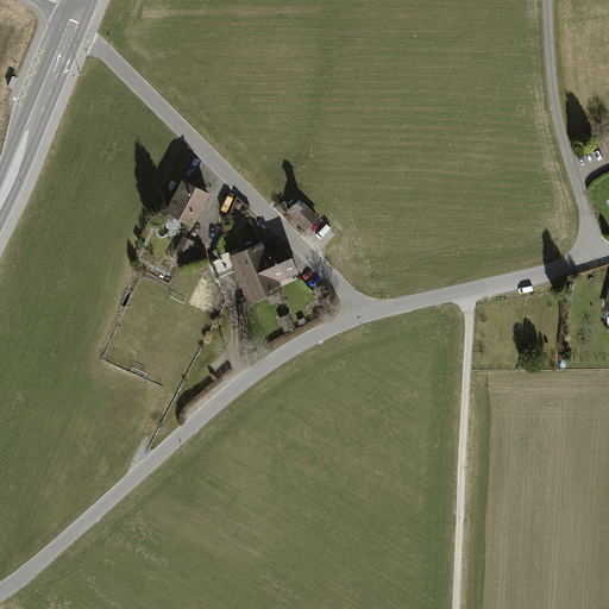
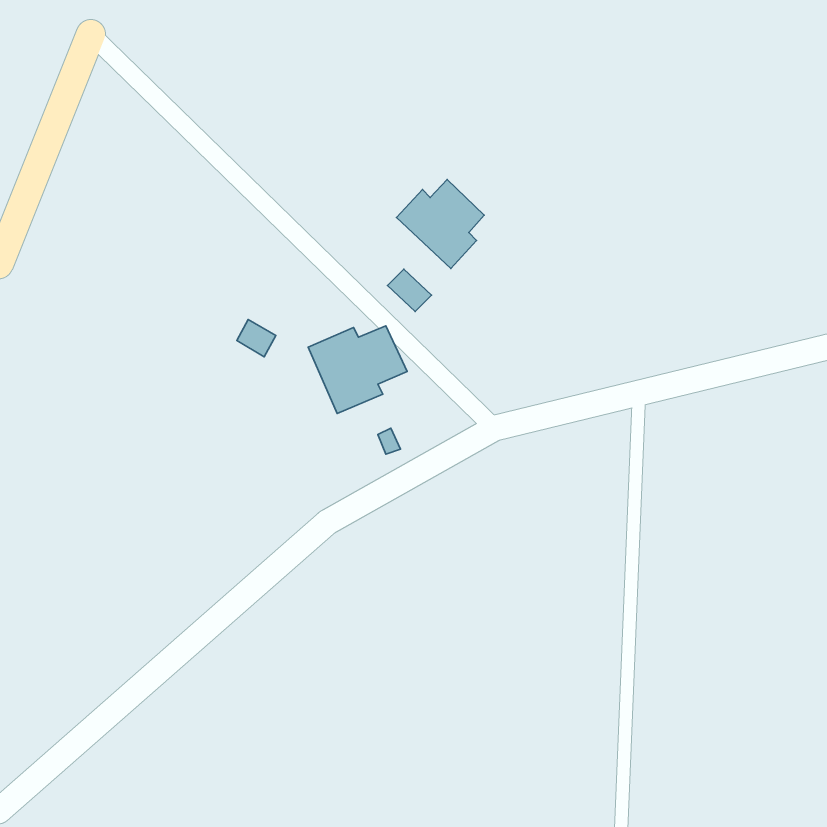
building: none -> [397,179,484,269]
building: [163,178,208,227] -> none

